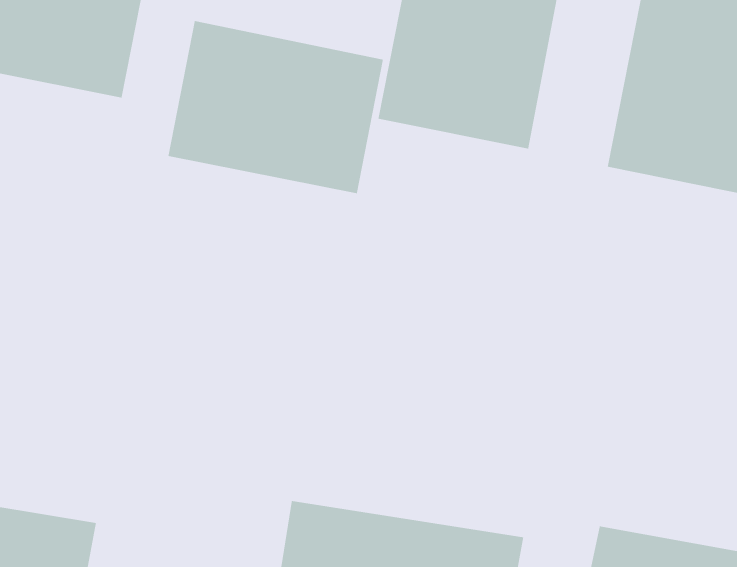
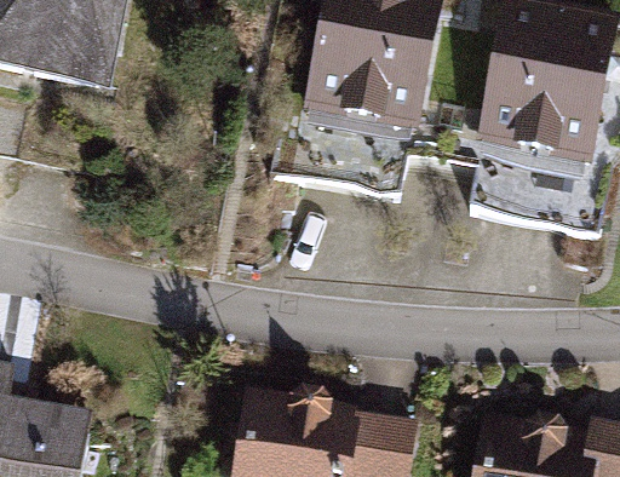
building: [167,20,384,194] -> none

